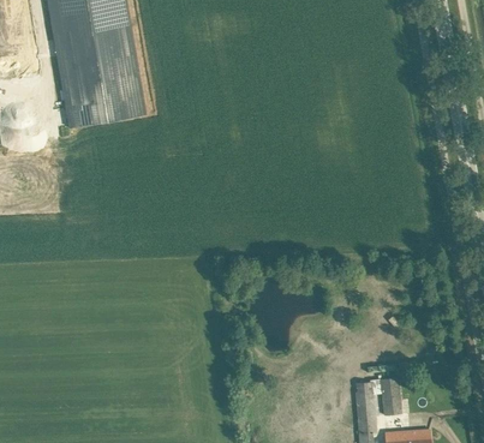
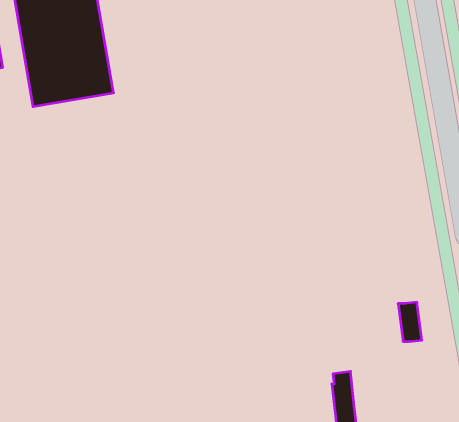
building: [380,377,402,414] -> [398,302,422,341]

